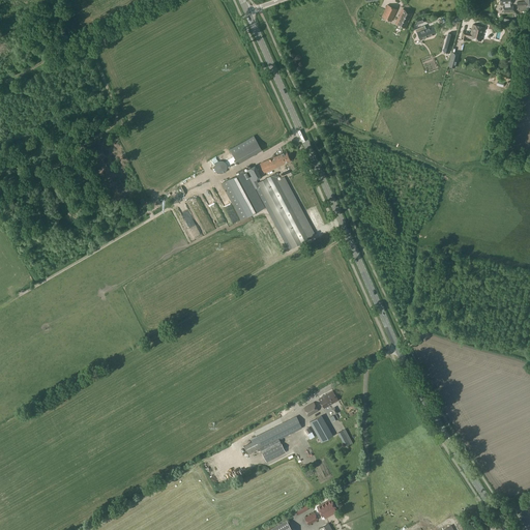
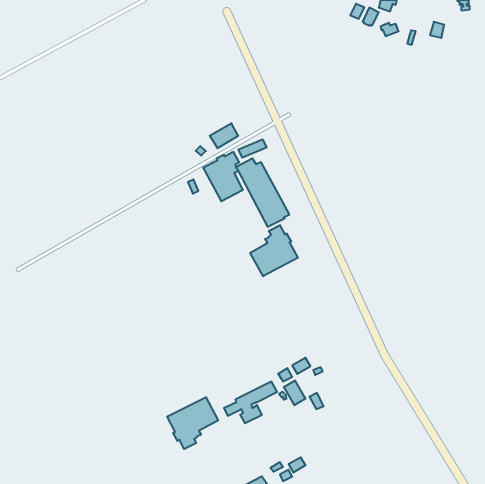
building: none -> [250,225,298,276]
building: none -> [167,397,218,449]

